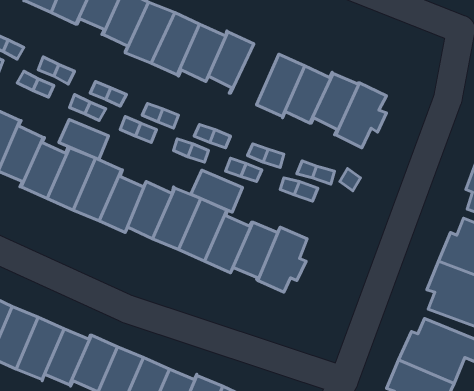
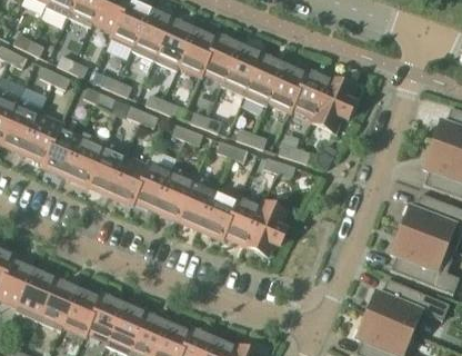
building: none -> [221,43,262,96]
building: [59,119,108,160] -> none
building: [191,170,242,212] -> none

